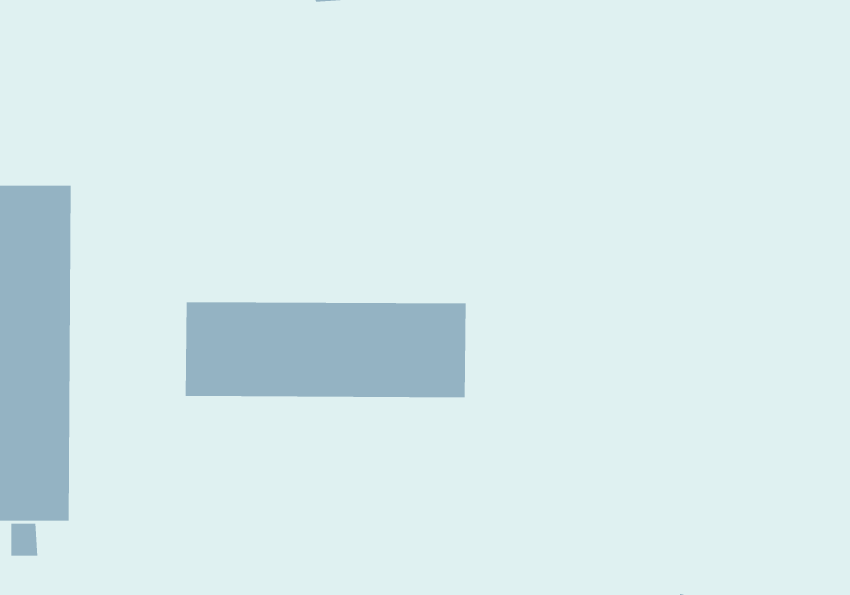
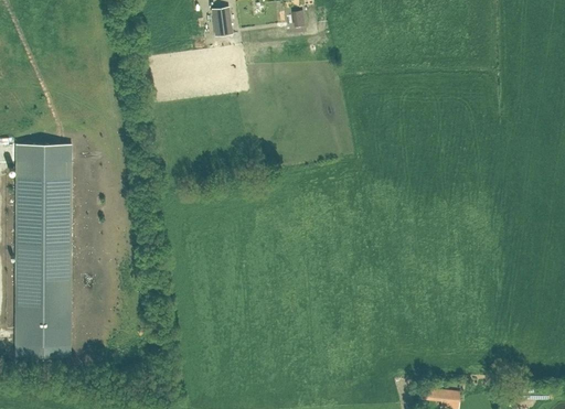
building: [185,301,466,398] -> none

